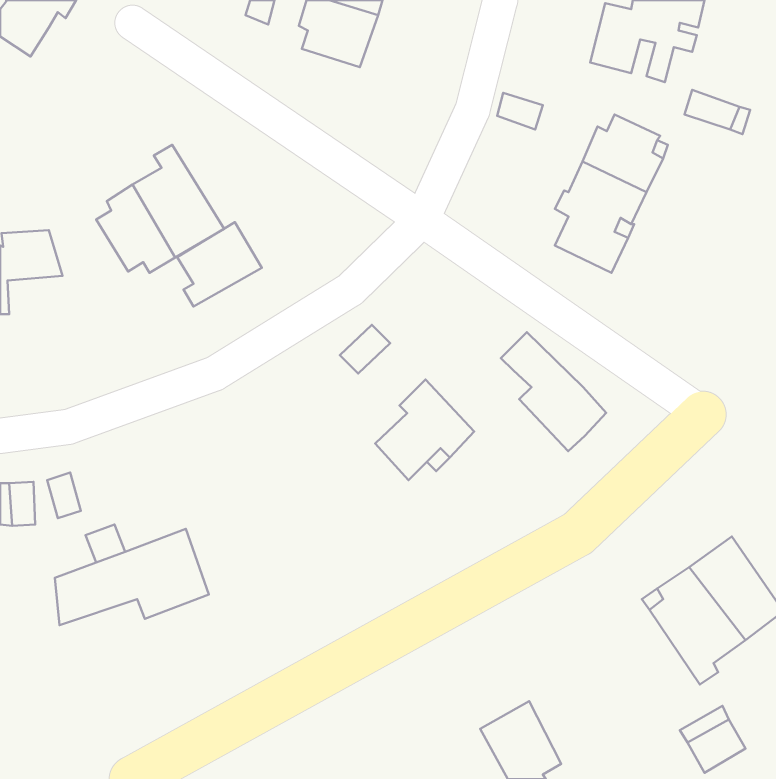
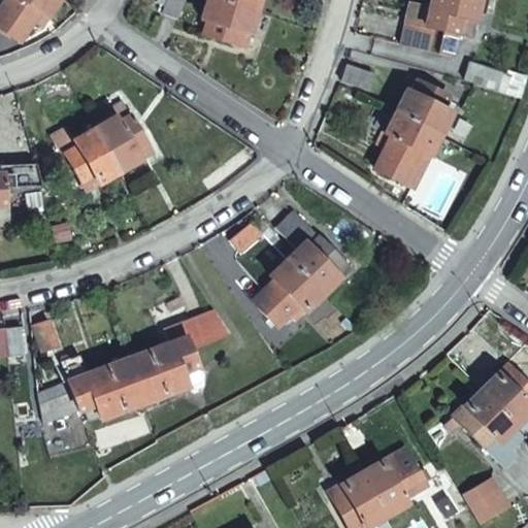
building: [177,222,262,306] -> none
building: [501,332,606,451] -> [277,211,349,292]
building: none -> [128,308,236,402]
building: none -> [360,450,424,517]

